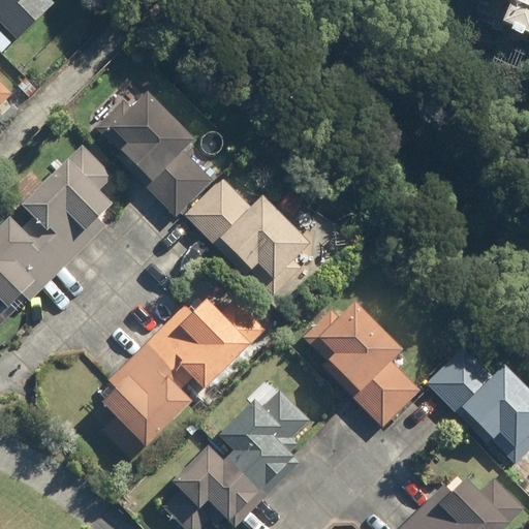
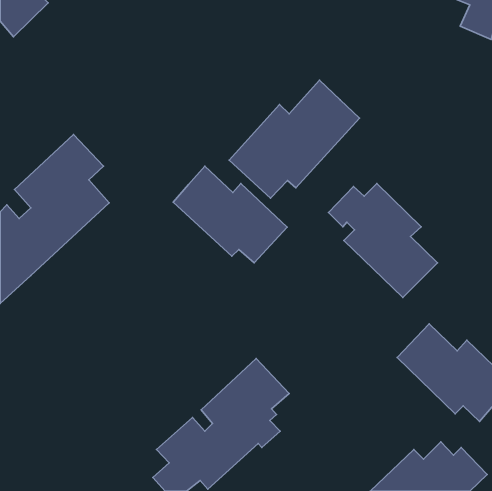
building: none -> [229,80,360,198]
building: [110,92,213,214] -> none
building: [100,292,263,447] -> none
building: [304,305,421,427] -> [328,183,438,297]

